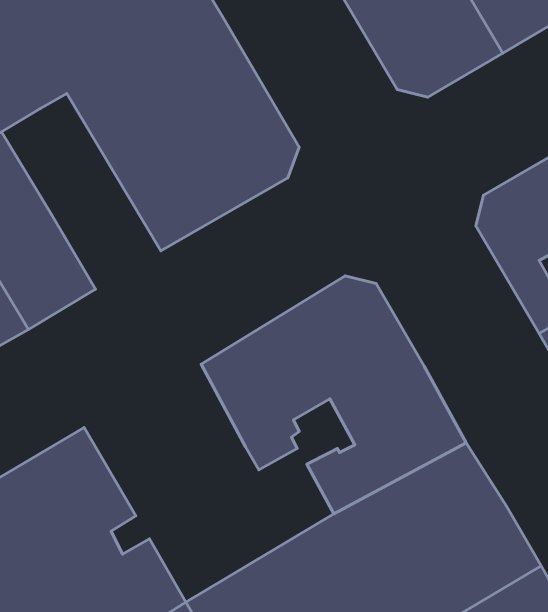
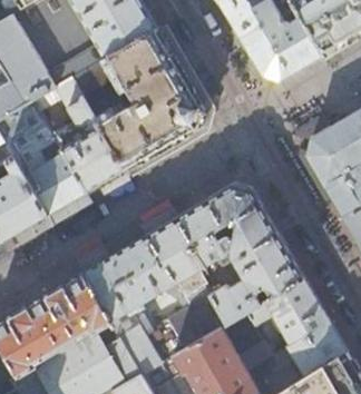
building: none -> [56,78,126,191]
building: none -> [81,235,226,373]

